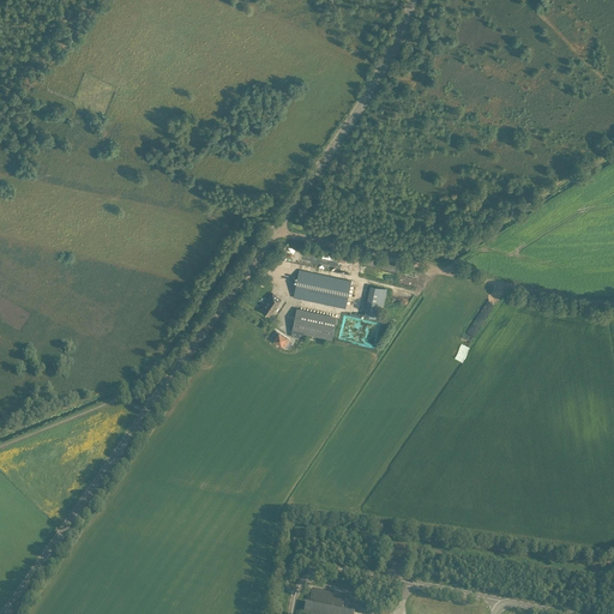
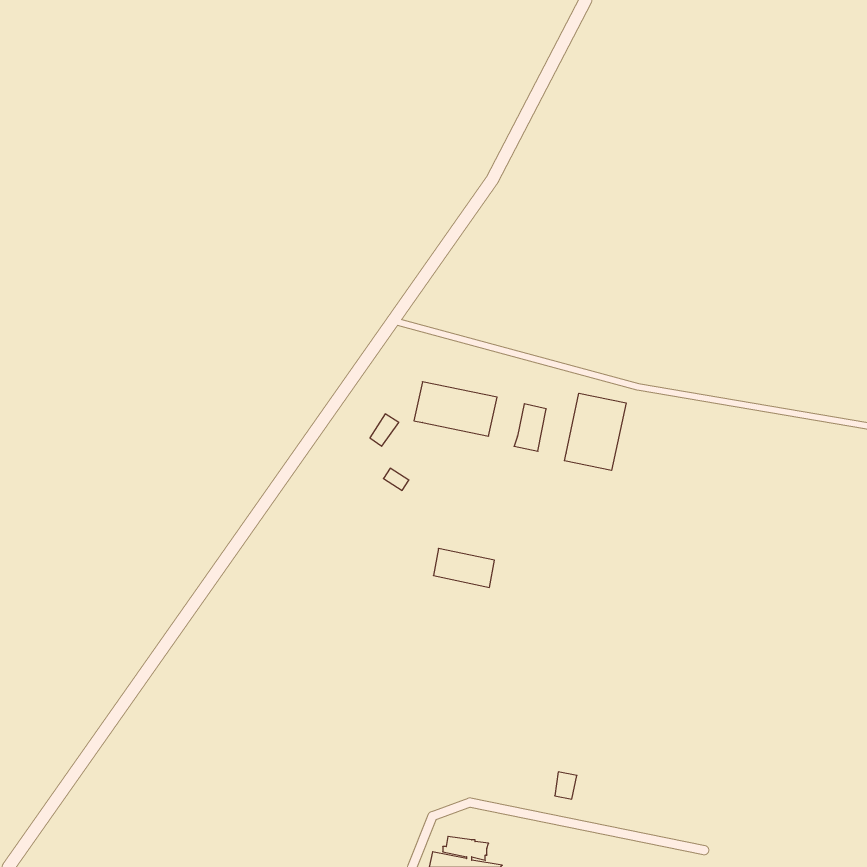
building: none -> [564,393,626,470]
building: [293,309,336,337] -> [433,548,494,587]

